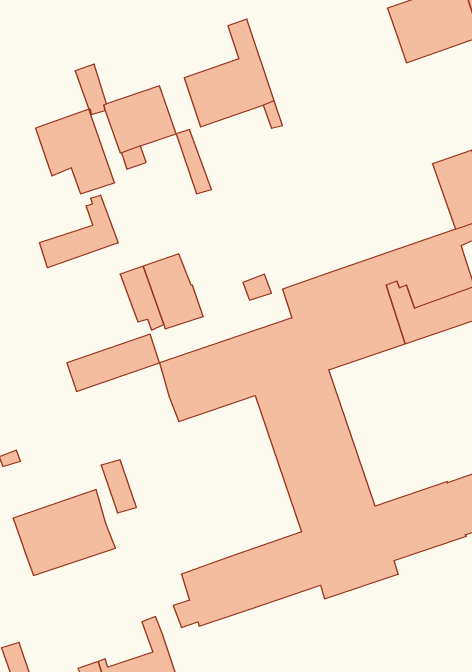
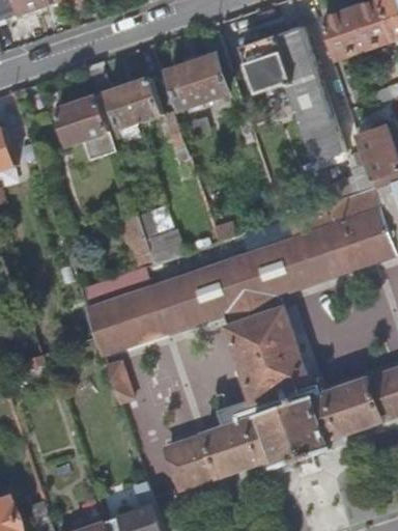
building: none -> [238,26,343,163]
building: [39,195,118,268] -> none
building: [13,490,115,575] -> [85,288,163,354]

